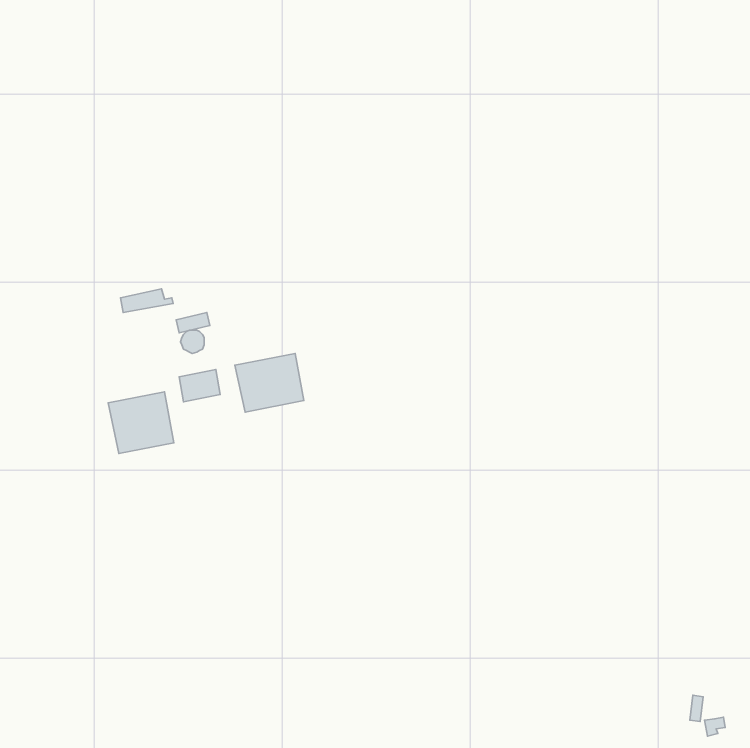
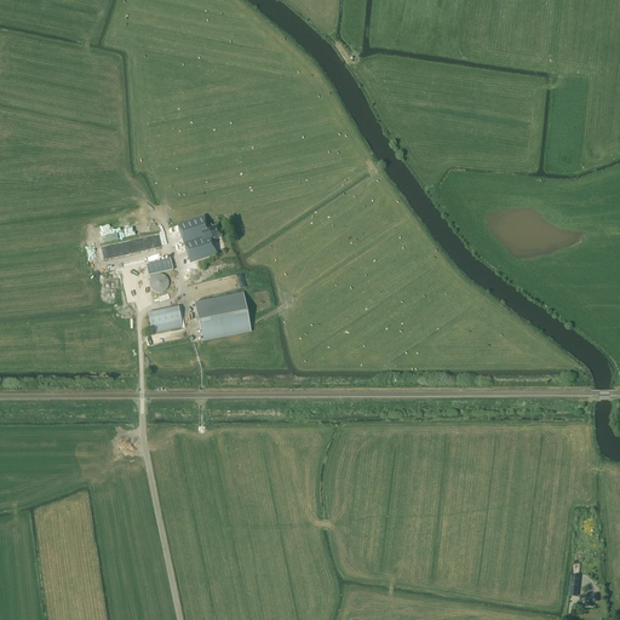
building: none -> [178,217,222,269]
building: [108,392,174,454] -> none

